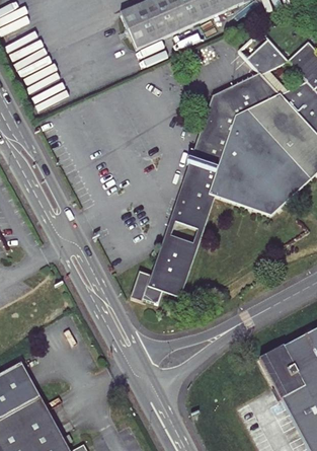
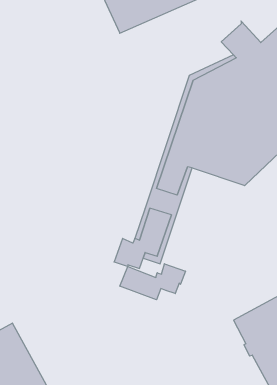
building: none -> [120,264,185,300]

